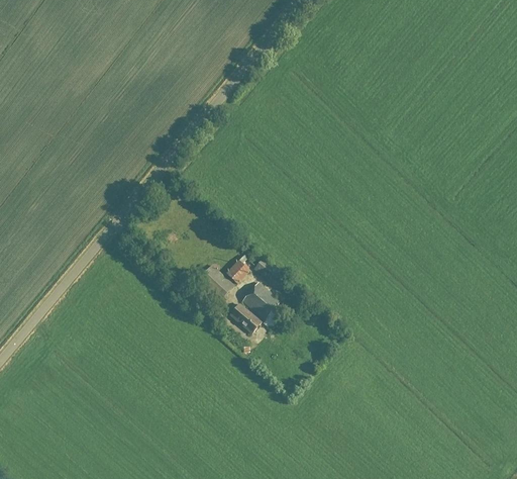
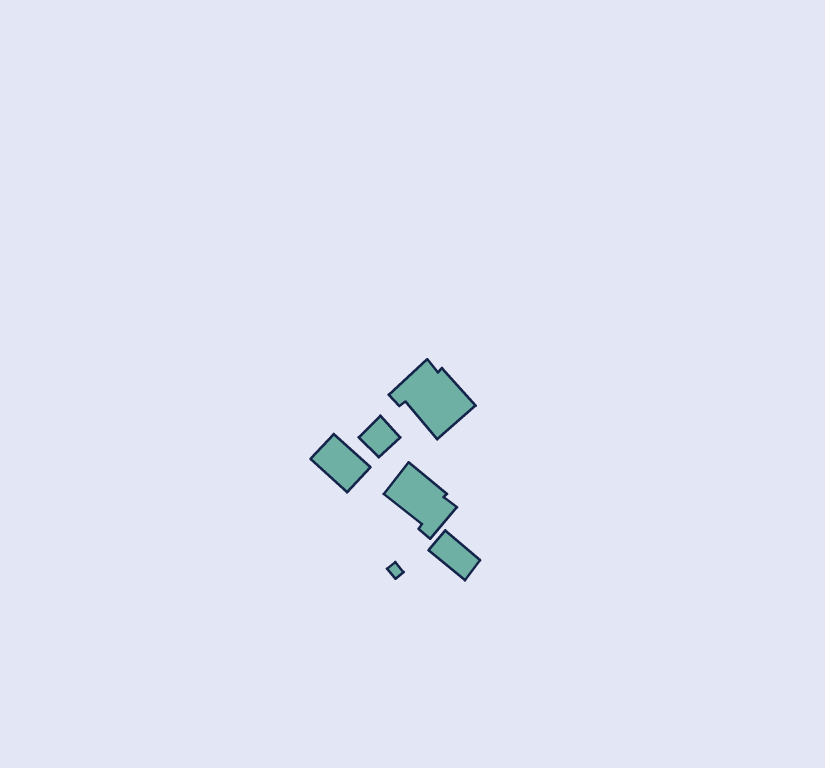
building: none -> [389,359,476,439]
building: [229,305,261,336] -> [429,530,480,580]

